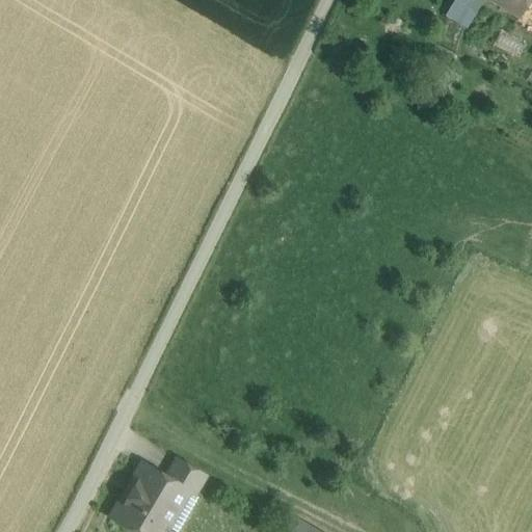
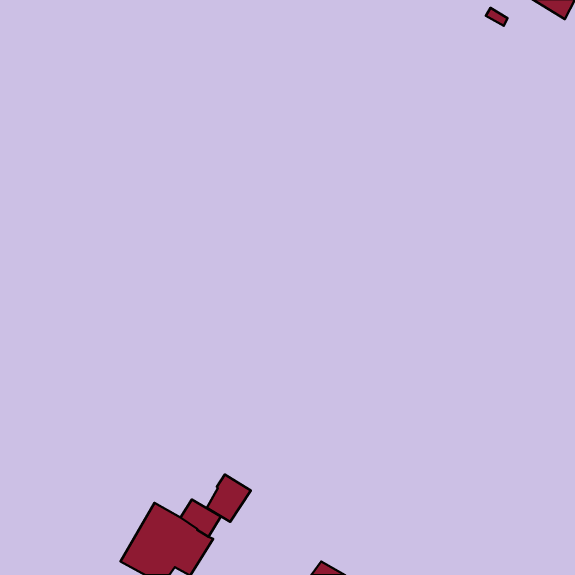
building: none -> [207,474,251,522]

